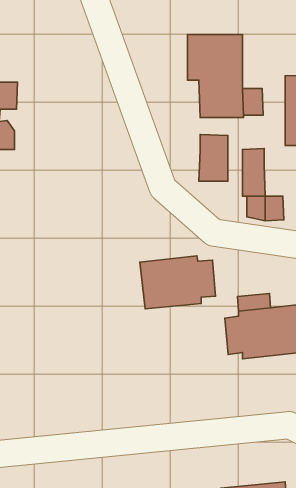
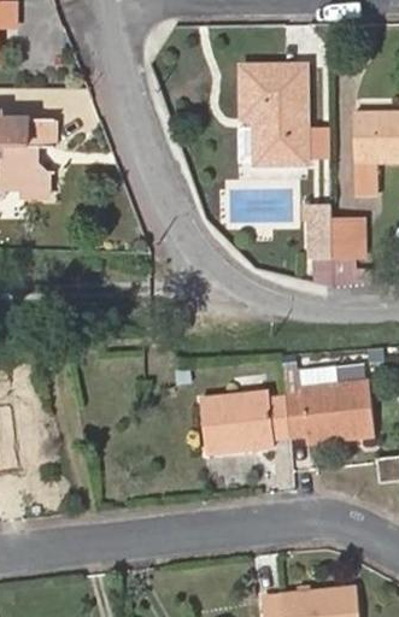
building: [199,134,228,181] -> none
building: none -> [331,217,363,253]
building: [140,256,216,309] -> [201,390,289,452]

